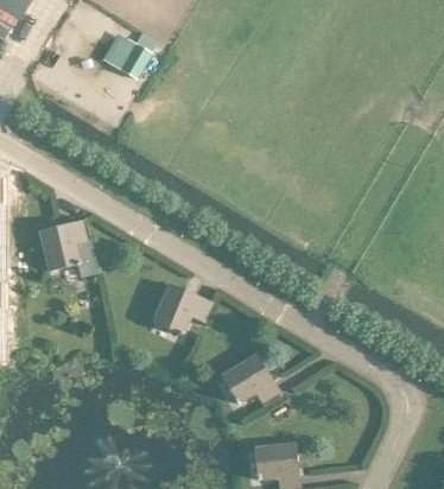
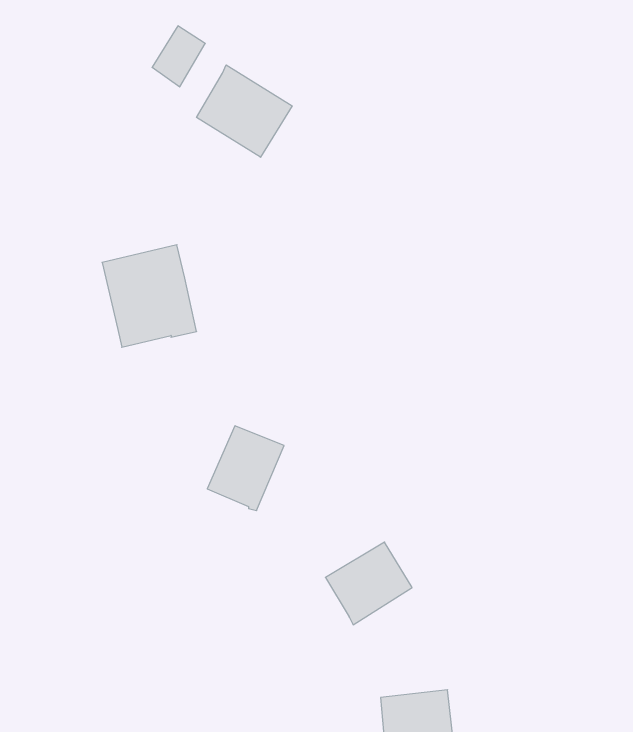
building: none -> [197,65,292,157]
building: [38,218,95,280] -> [102,245,197,347]

